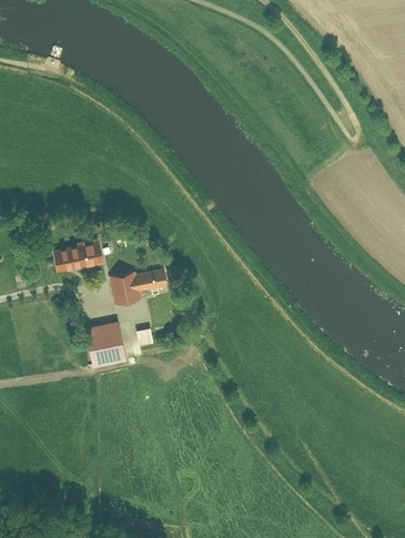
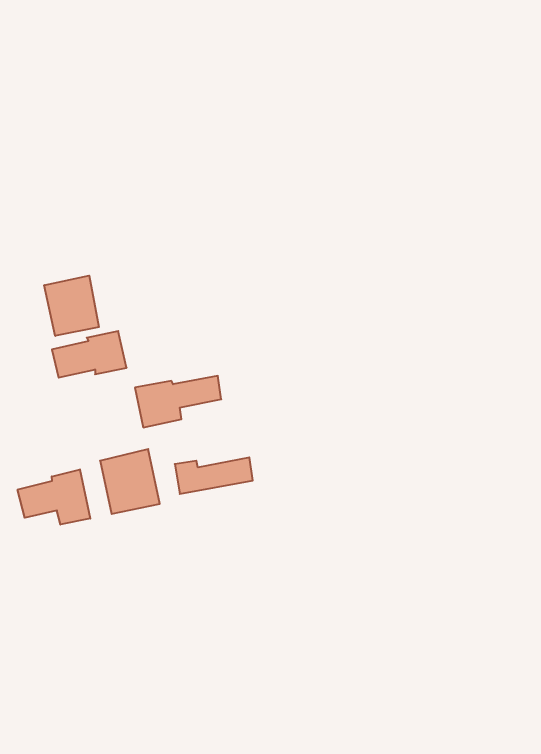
building: none -> [44,276,99,336]
building: none -> [18,469,90,525]

